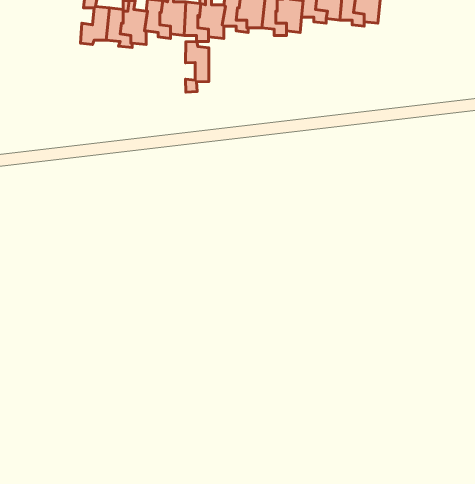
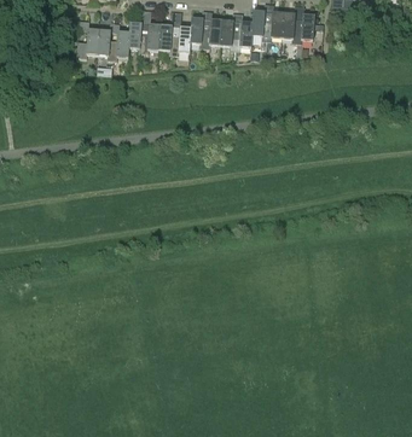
building: [186,42,209,92] -> none

